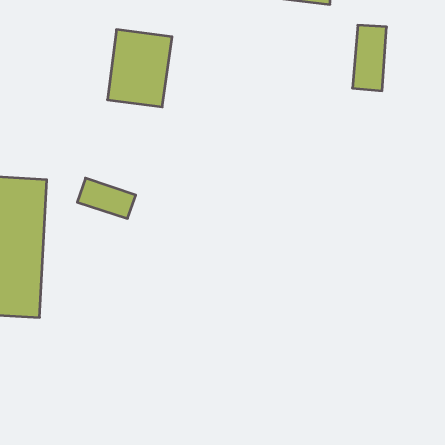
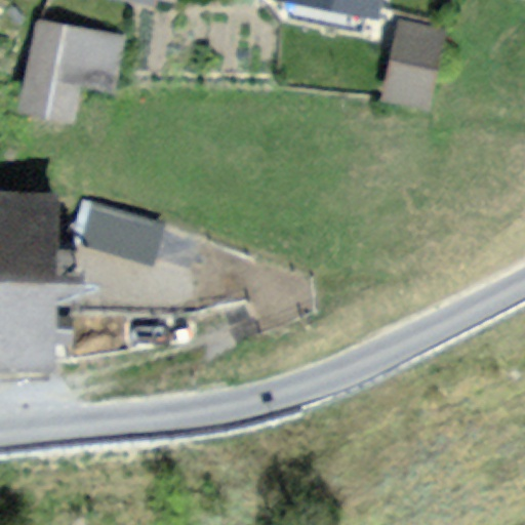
building: [107,30,172,107] -> [28,19,102,108]

